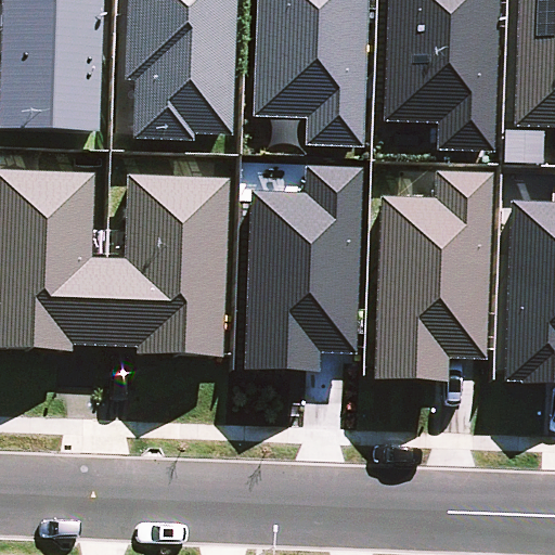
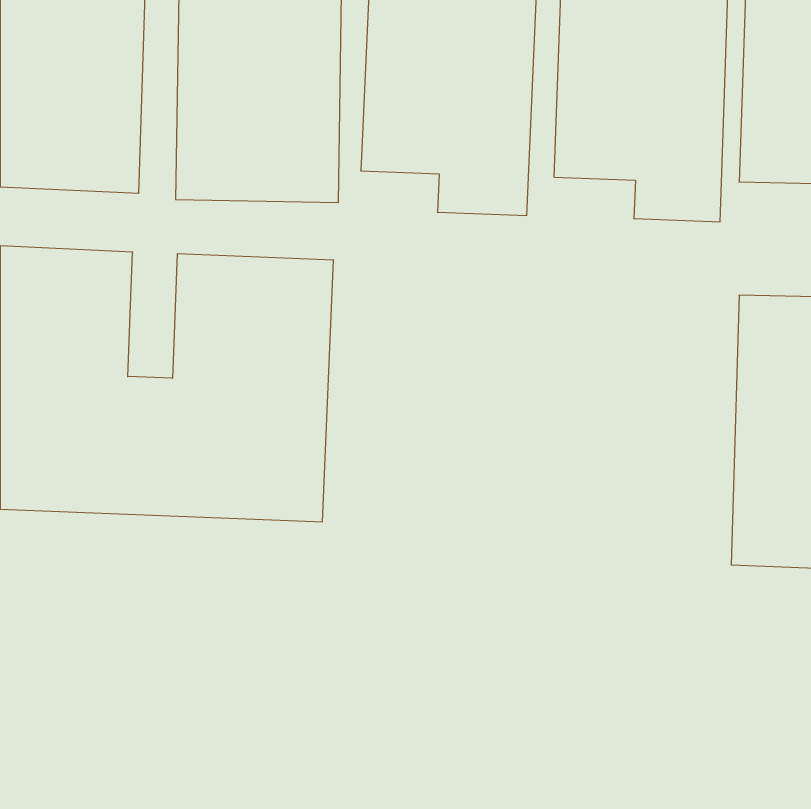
building: [238,163,365,373] -> none
building: [370,169,492,382] -> none

